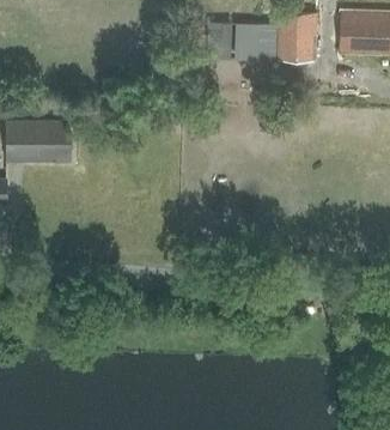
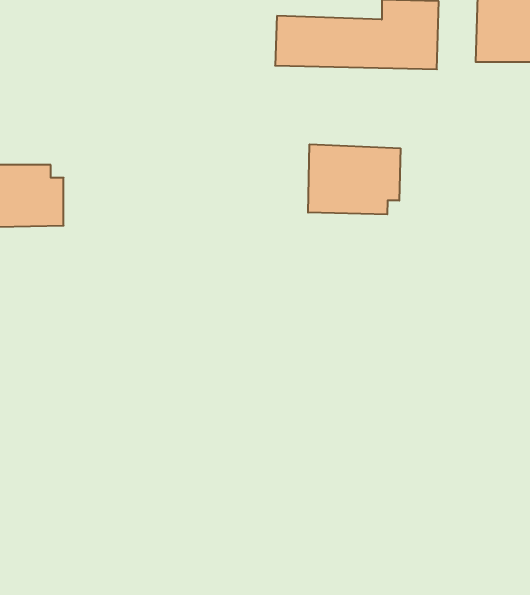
building: none -> [308,144,400,214]

